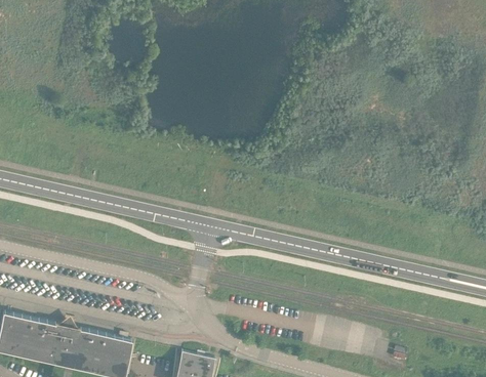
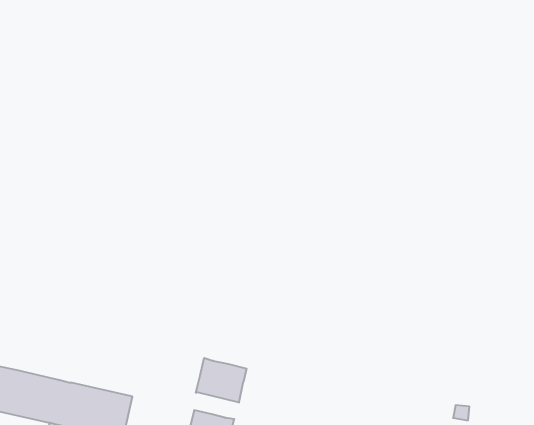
building: none -> [196,358,247,403]

